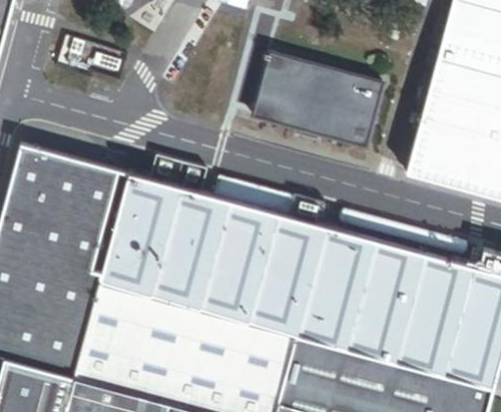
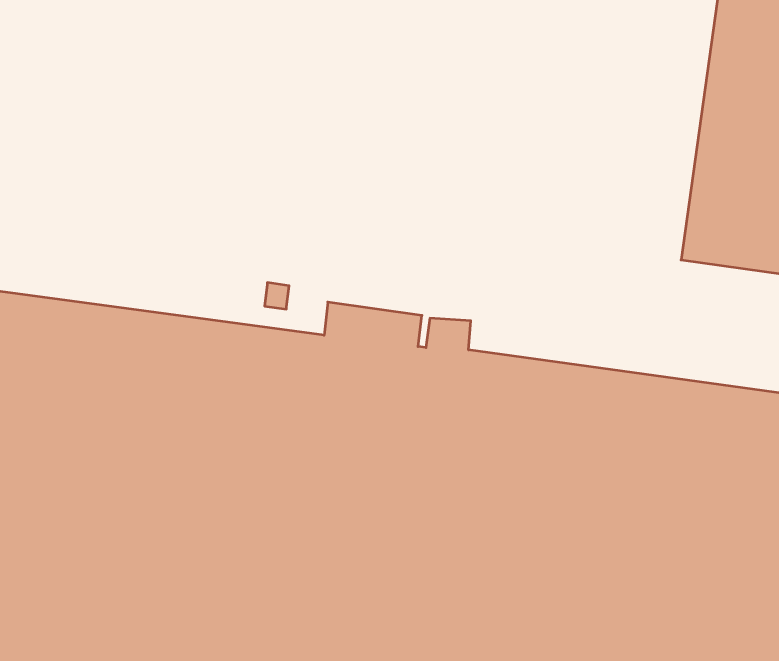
building: [249,50,383,147] -> none

